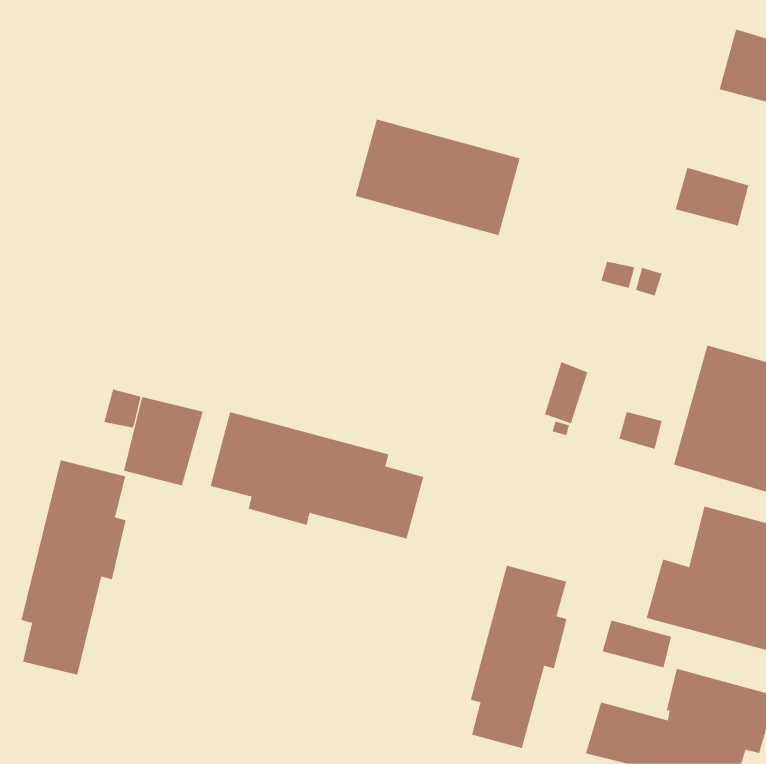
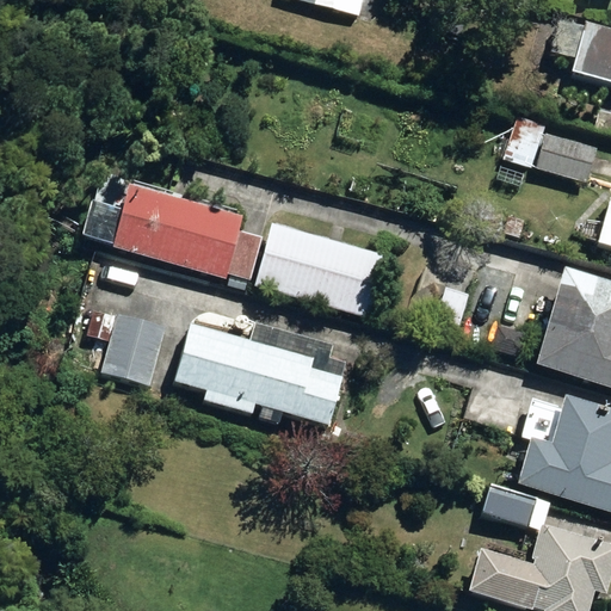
building: [355,119,520,236] -> [255,223,385,315]
building: none -> [112,183,242,277]
building: [21,460,126,675] -> none
building: [470,565,567,749] -> none

